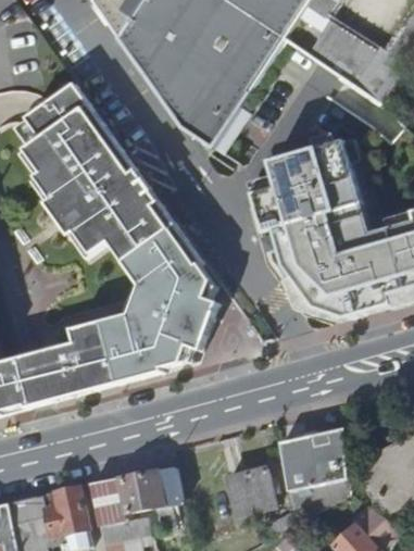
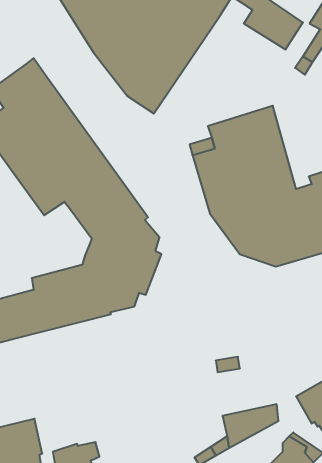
building: [278,425,348,483] -> none
building: [88,461,179,522] -> none
building: [226,465,276,513] -> none

